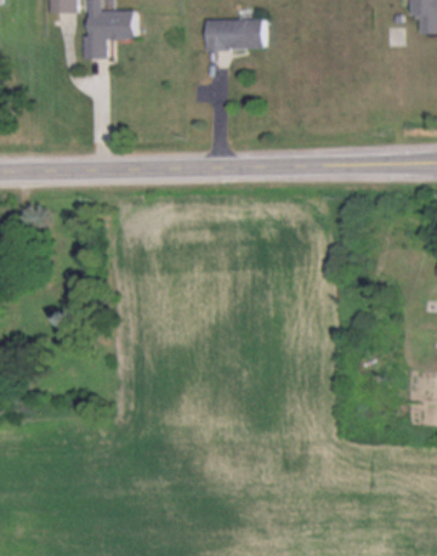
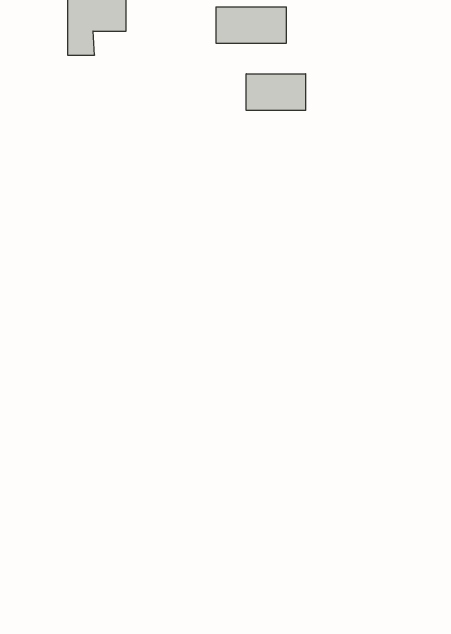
building: none -> [246,74,306,110]

